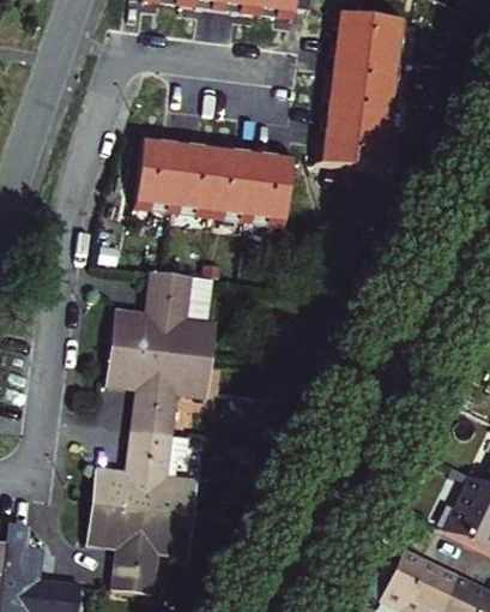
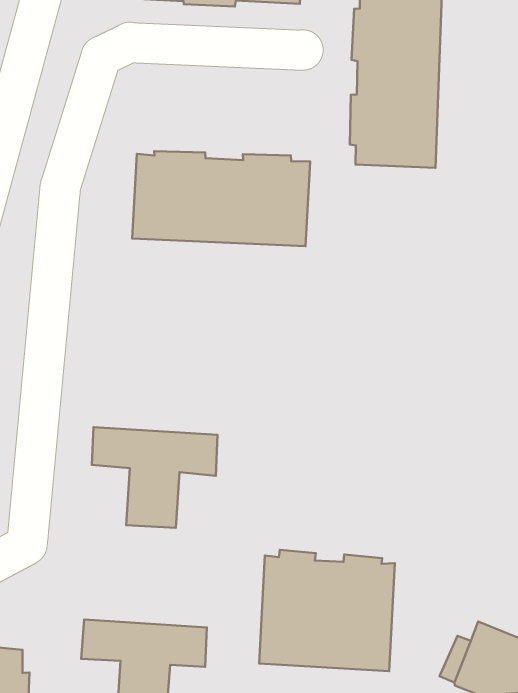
building: [101,281,223,371] -> none
building: [83,440,187,529] -> none
building: none -> [259,550,395,671]

